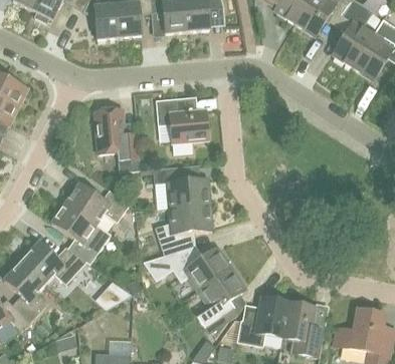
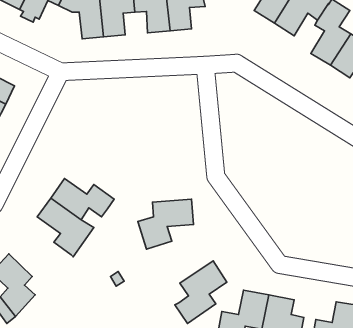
building: [156,98,207,153] -> none
building: [93,109,140,171] -> none
building: [153,166,209,208] -> none
building: [21,243,85,285] -> none
building: [163,246,231,291] -> none

